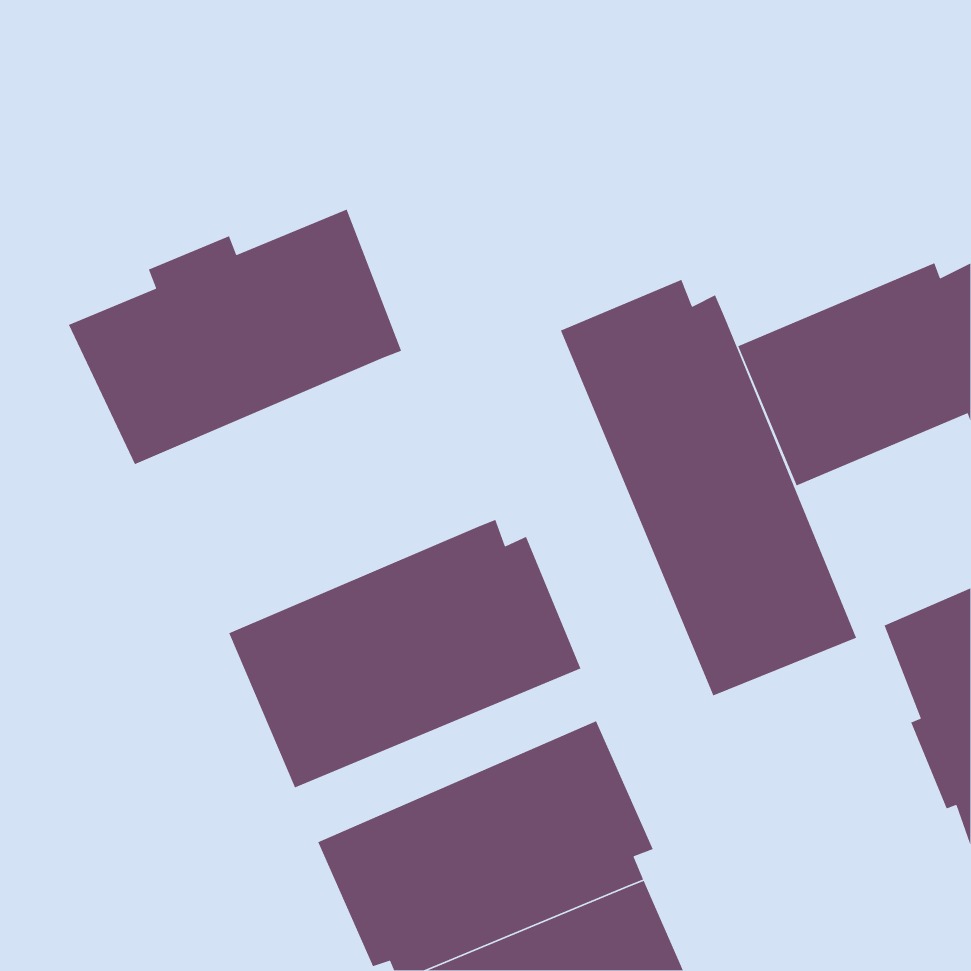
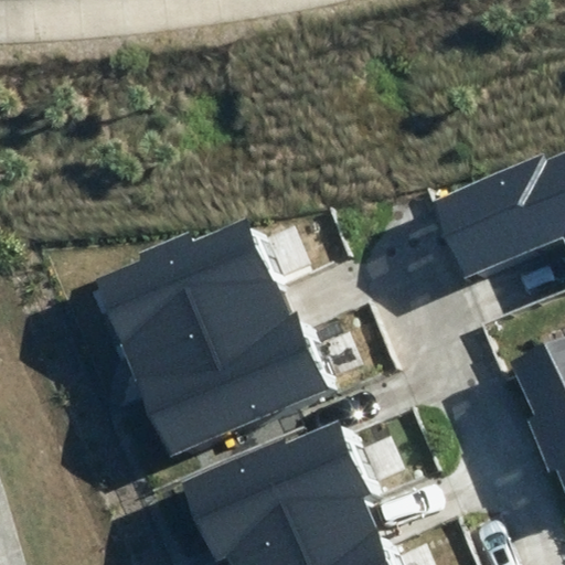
building: [68,209,402,465] -> [94,218,288,367]
building: [560,279,857,696] -> none

